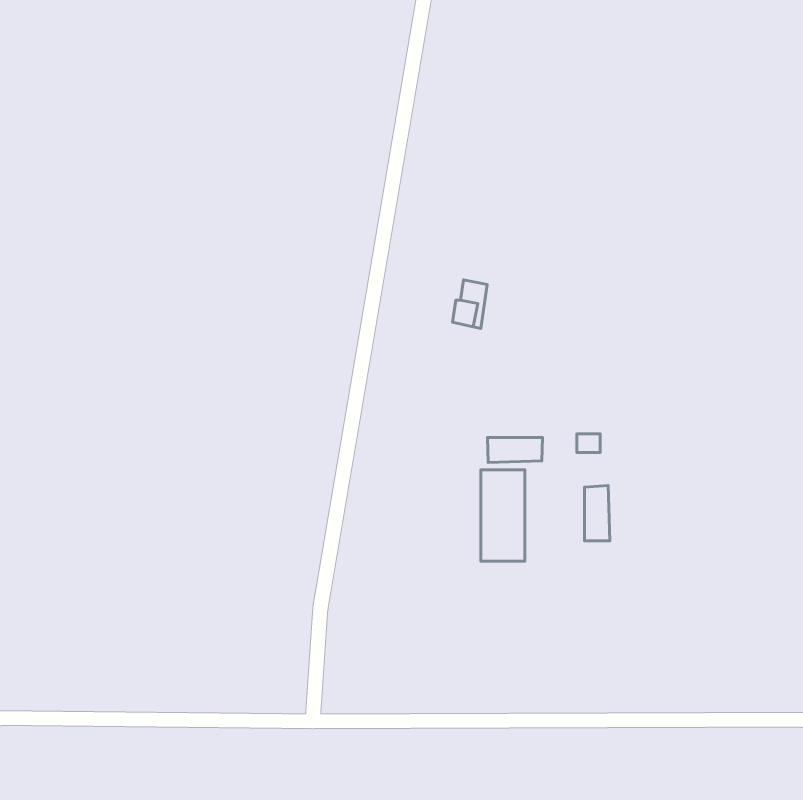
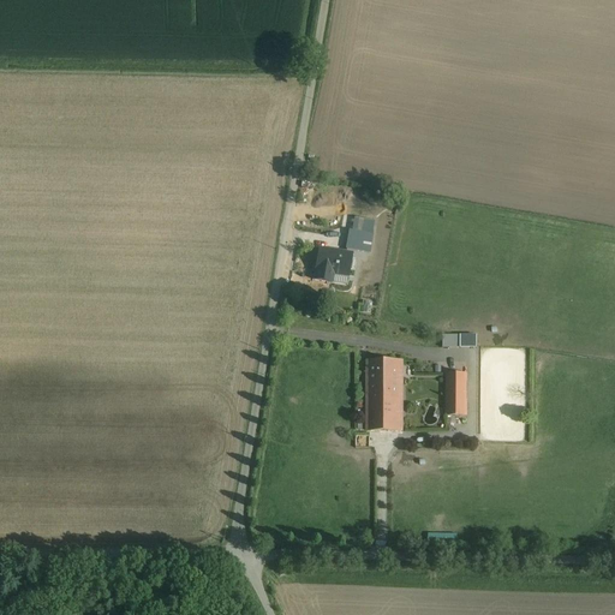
building: none -> [314,246,352,280]
building: [487,437,543,463] -> none

